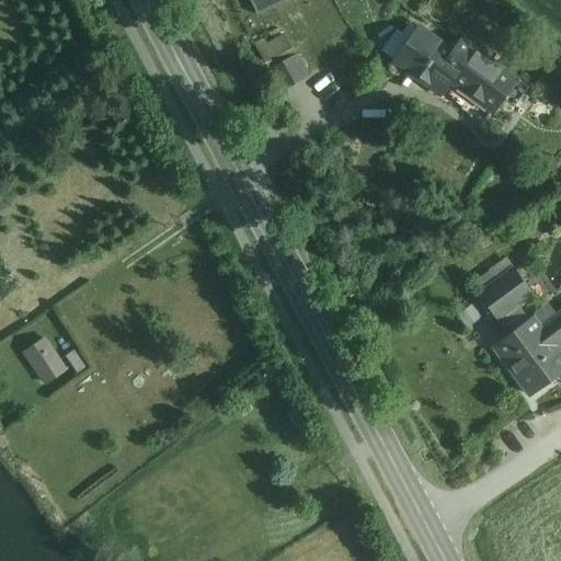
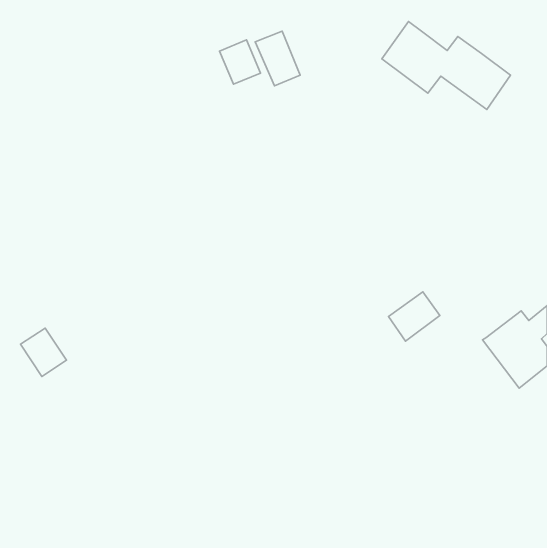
building: none -> [220,40,260,84]
building: [479,270,531,320] -> [388,292,440,341]

